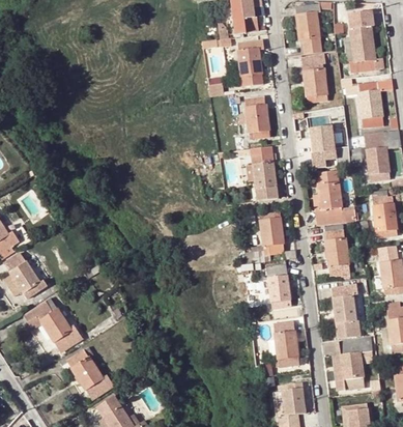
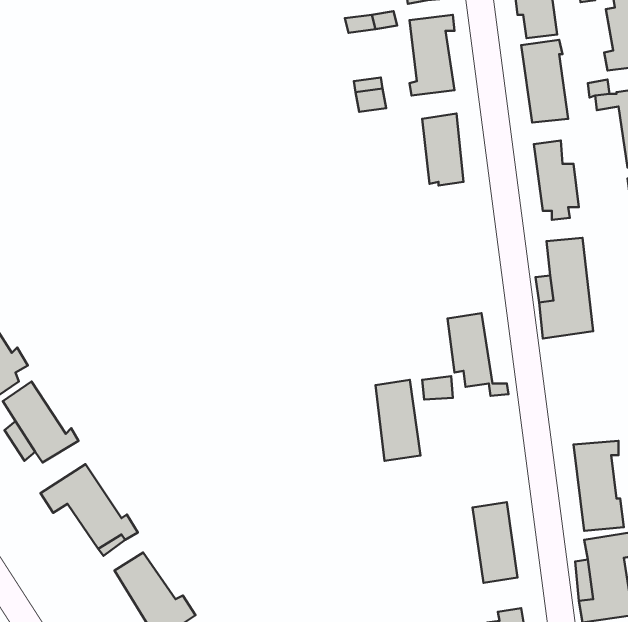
building: [251,147,278,201] -> none
building: [323,225,350,276] -> none
building: [266,264,292,311] -> [376,380,421,461]

